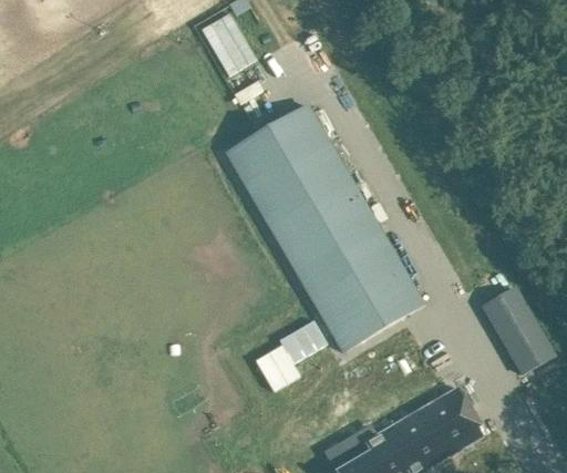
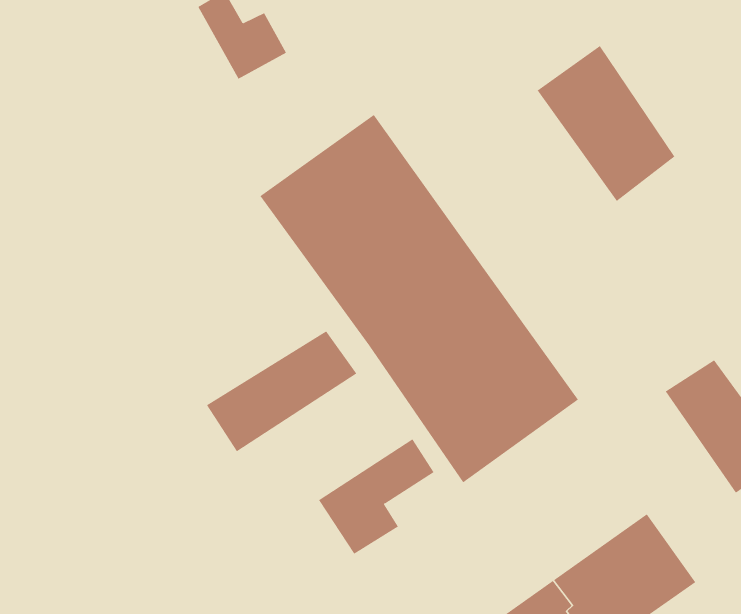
building: none -> [537,45,675,202]
building: none -> [206,330,357,452]

